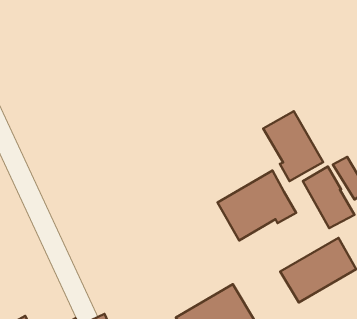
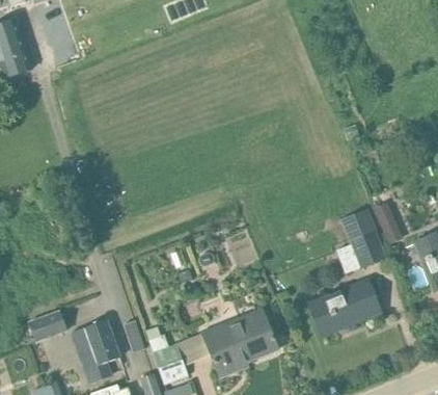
building: [263,111,323,181] -> none
building: [217,171,296,240] -> none

